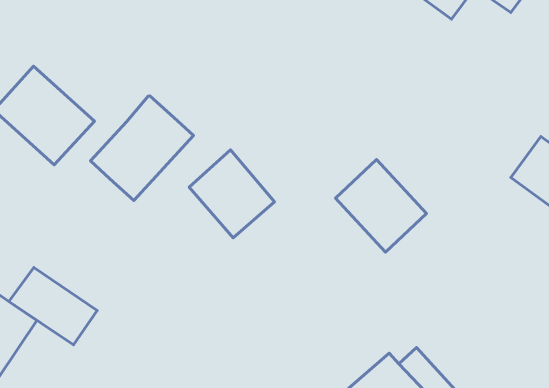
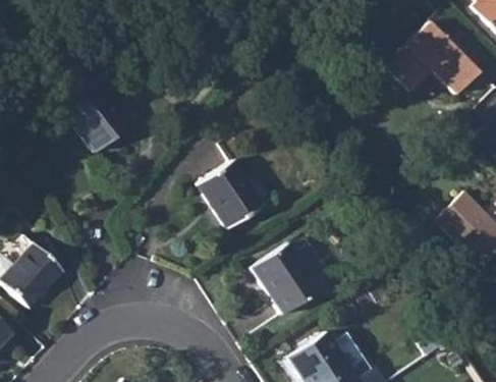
building: [90,96,193,201] -> none
building: [336,160,426,252] -> [252,242,319,314]
building: [9,267,97,345] -> none

